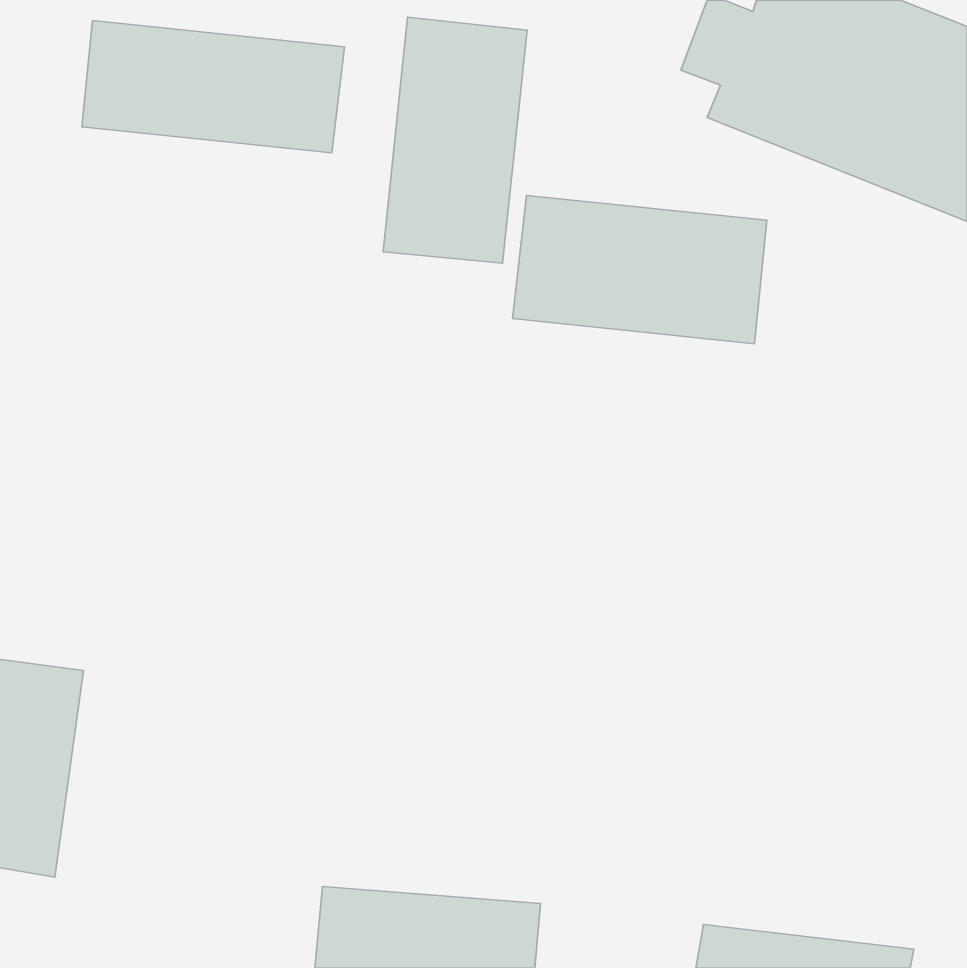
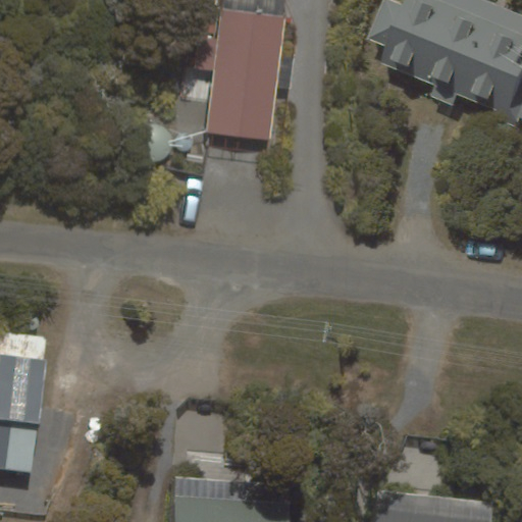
building: [82,21,344,153] -> none
building: [512,195,767,344] -> none

